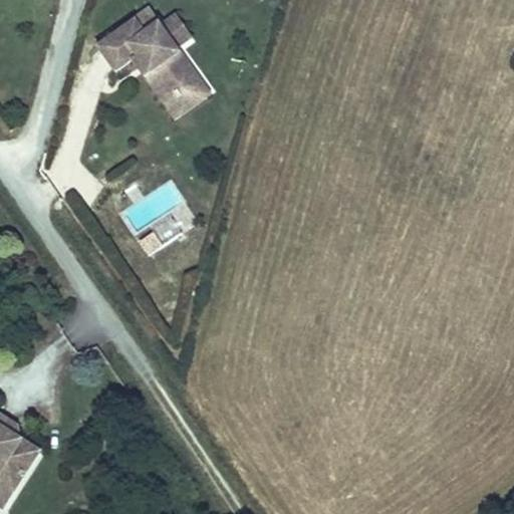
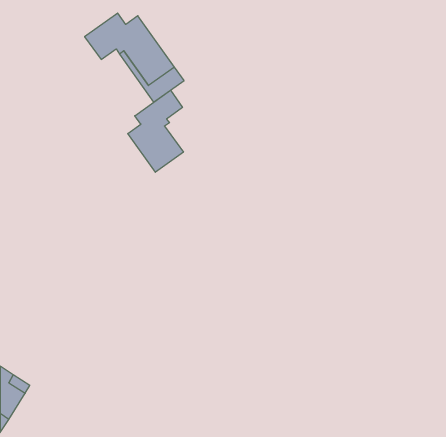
building: none -> [128,90,183,172]

